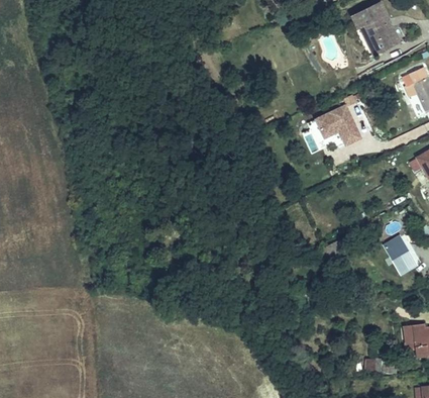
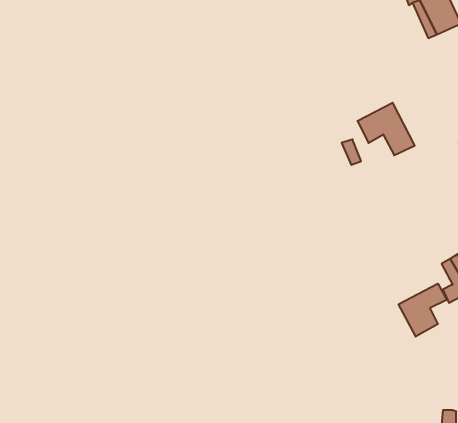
building: none -> [399,284,447,337]

